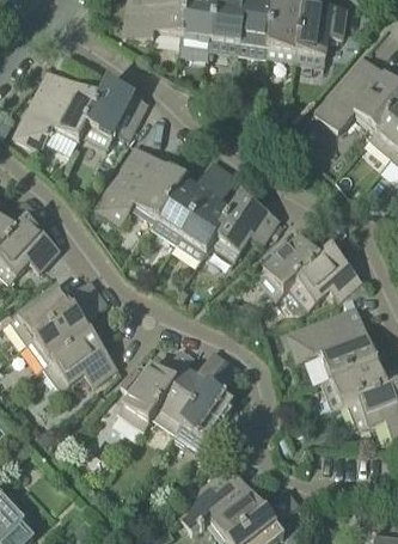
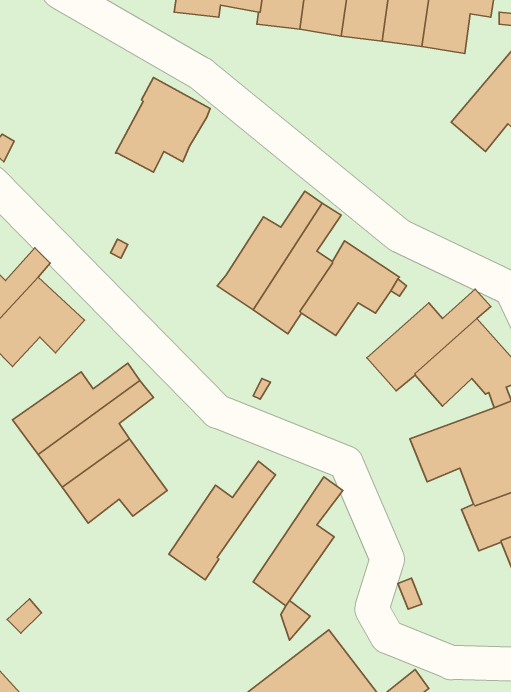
building: [13,71,100,151] -> none
building: [94,146,184,225] -> none
building: [152,350,226,432] -> none

